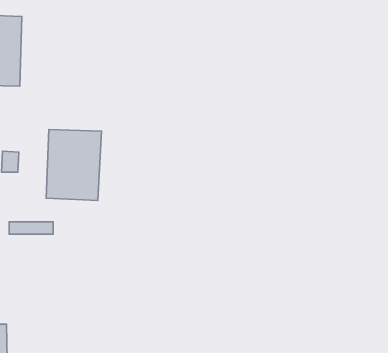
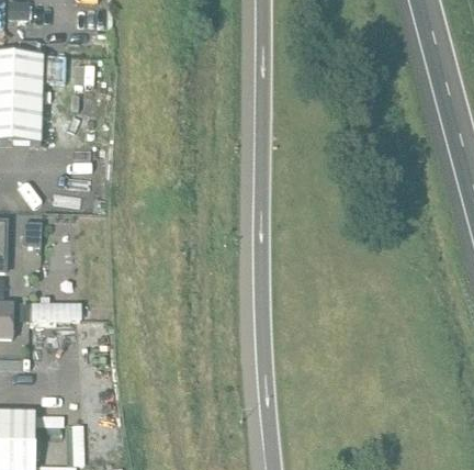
building: [46,130,101,201] -> none

